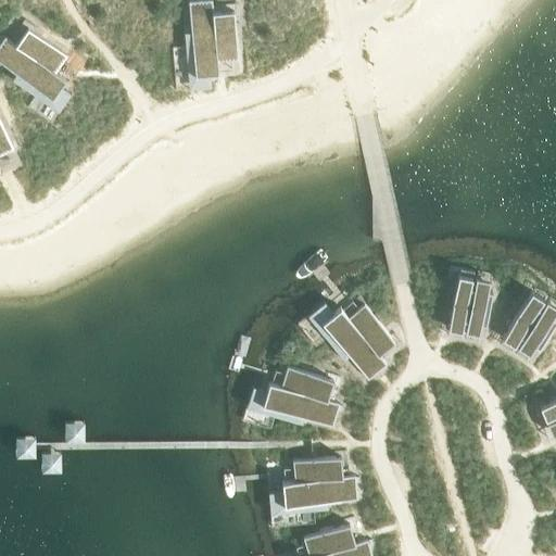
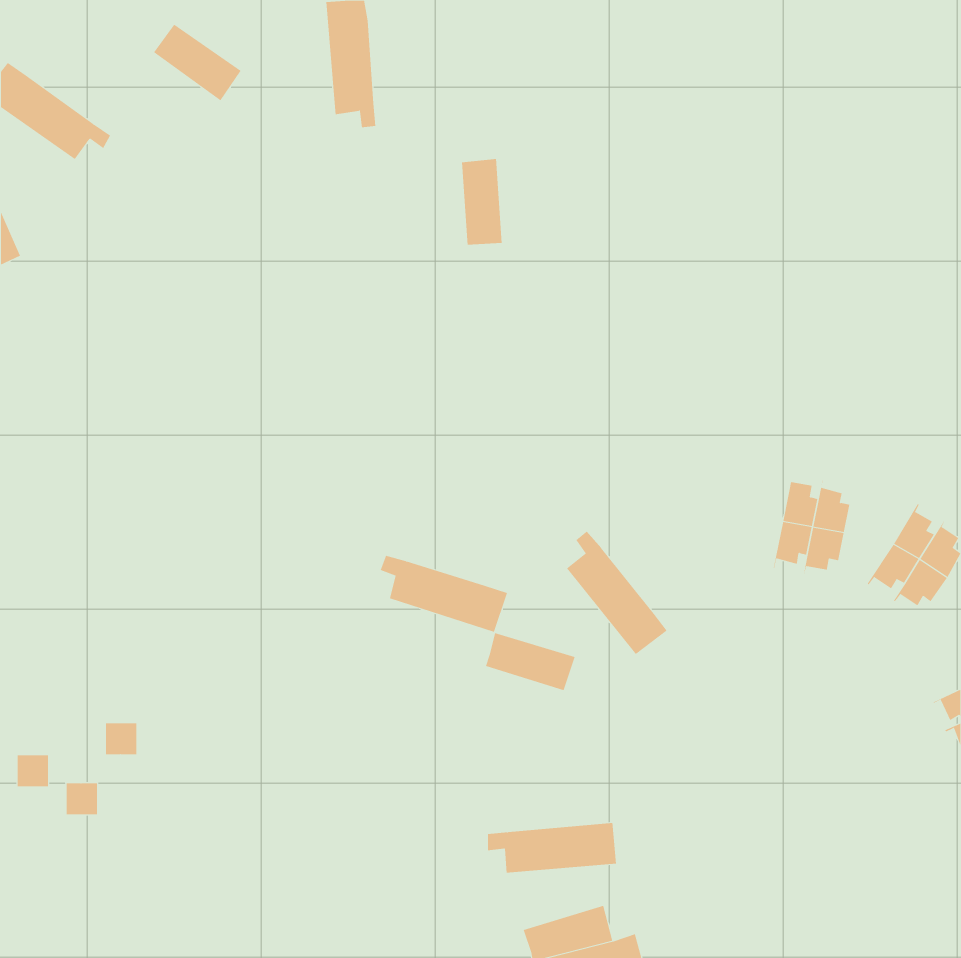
building: [213,12,237,62] -> [461,159,502,245]
building: [15,29,66,74] -> [153,24,242,101]
building: [348,305,393,356] -> none
building: [265,383,339,428] -> [380,555,508,632]
building: [292,457,341,482] -> none

